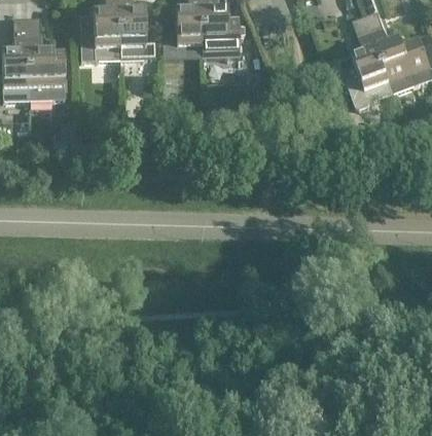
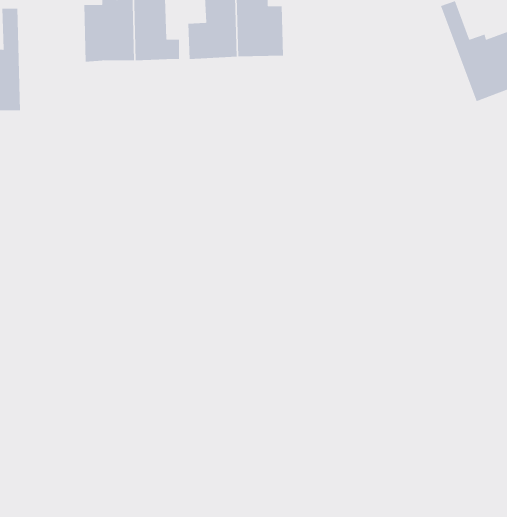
building: [348,16,394,109] -> none
building: [27,19,65,101] -> none

